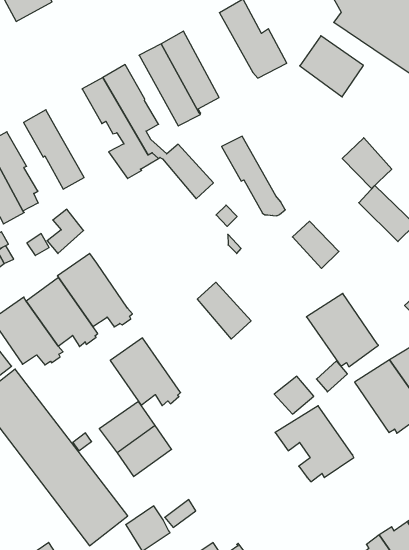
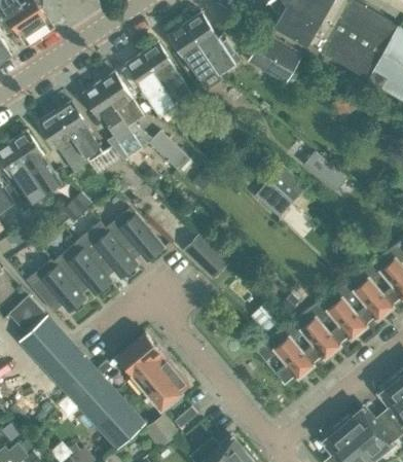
building: none -> [56,102,103,163]
building: [222,136,285,216] -> [169,26,222,85]
building: [342,138,392,189] -> [267,165,306,204]
building: [306,293,378,367] -> [286,305,343,361]
building: [110,338,181,406] -> [105,209,161,261]
building: none -> [147,368,190,410]

